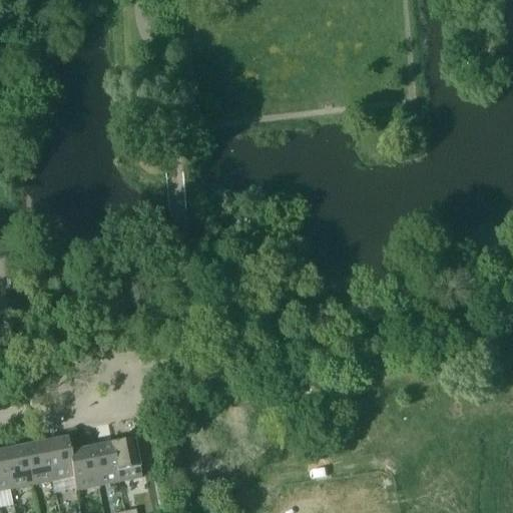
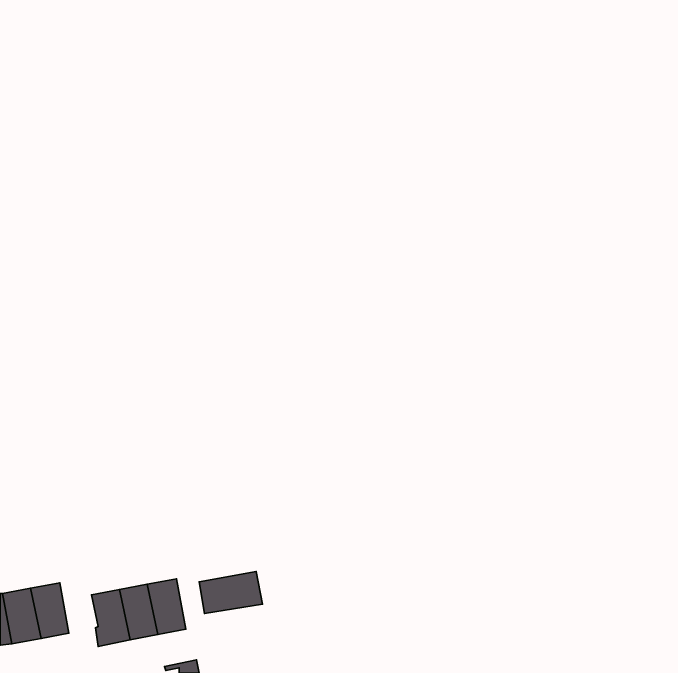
building: none -> [199,571,262,613]
building: [45,435,74,491] -> none

